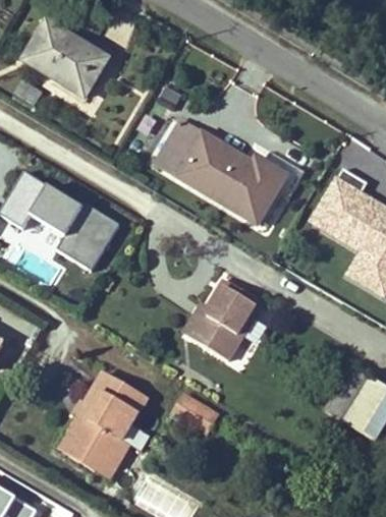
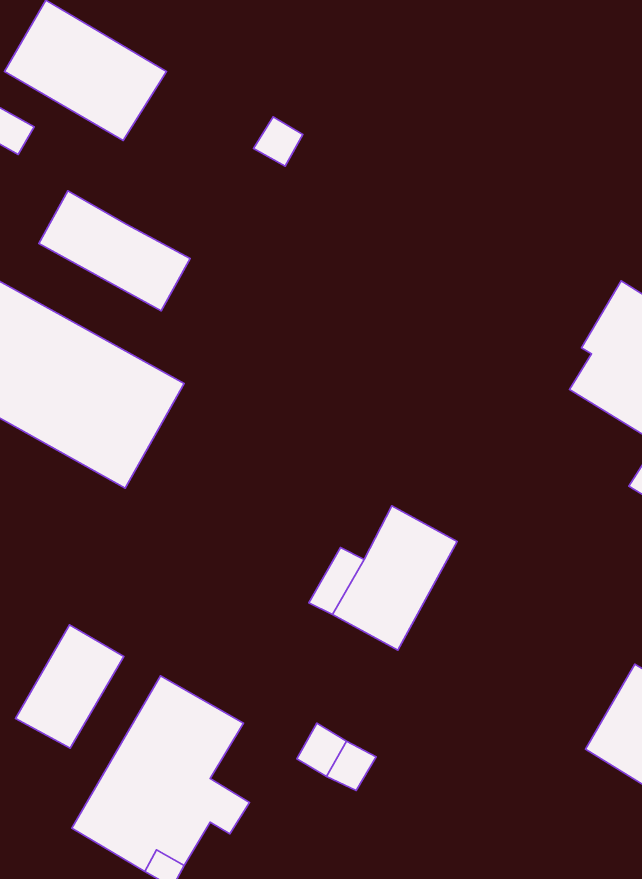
building: none -> [39,191,190,311]
building: [158,123,285,226] -> none
building: none -> [15,625,124,748]

